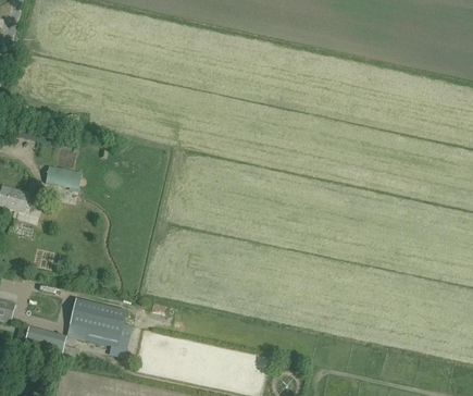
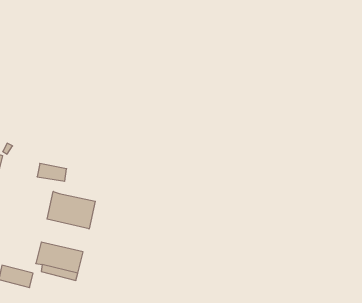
building: [45,166,80,188] -> [37,163,67,181]
building: none -> [47,191,95,229]

